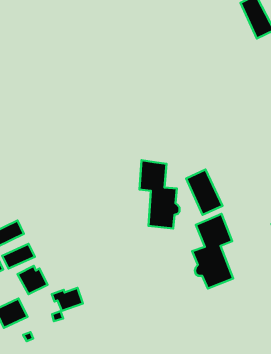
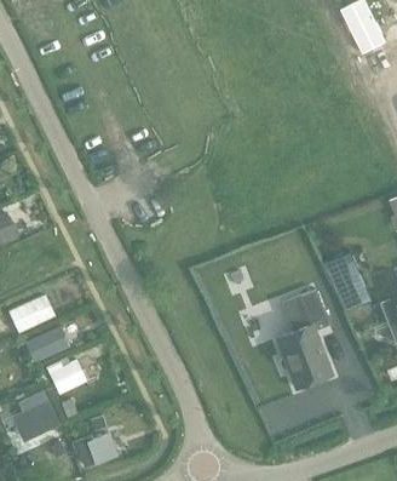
building: [139,160,180,229] -> none
building: [186,169,223,215] -> [324,251,373,311]
building: [52,288,83,311] -> [73,434,114,464]

